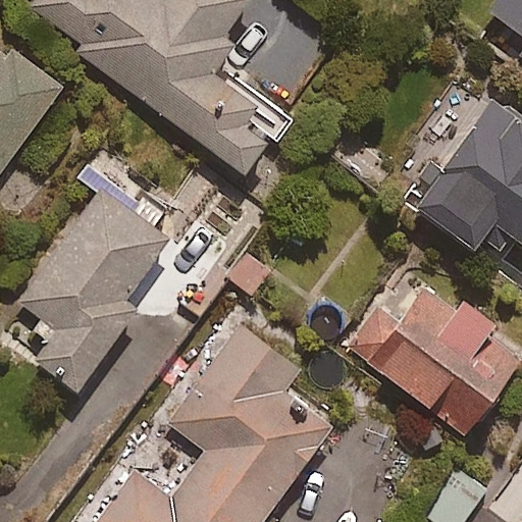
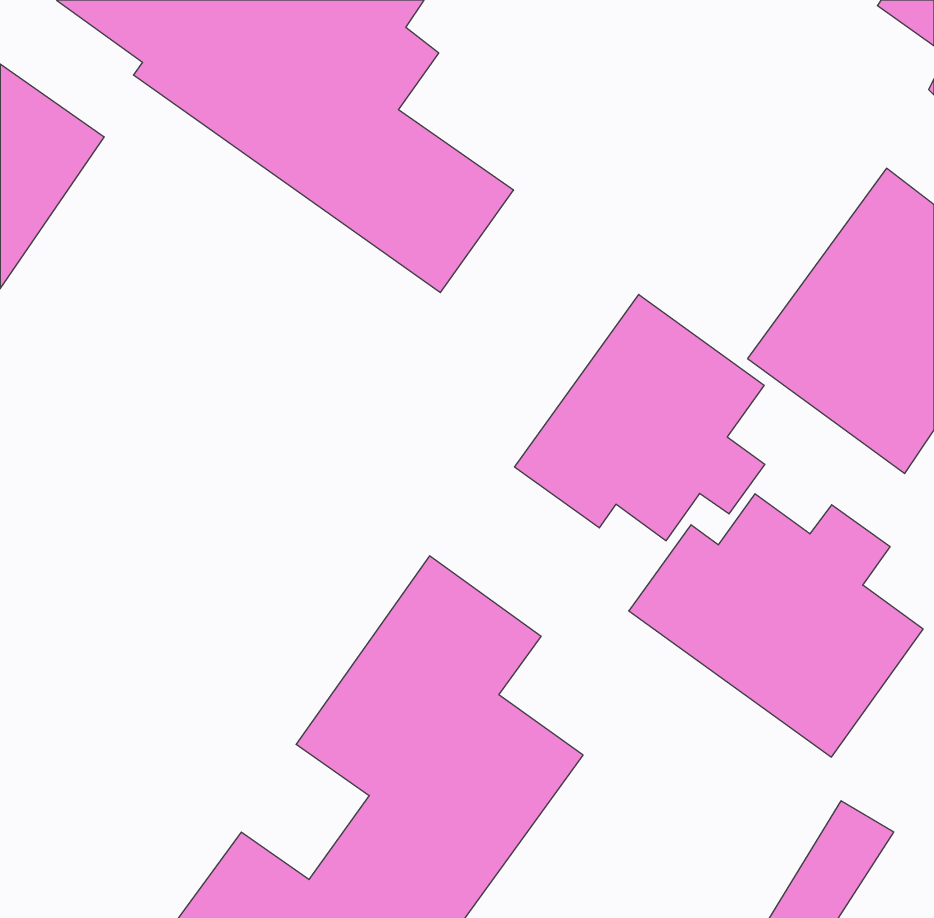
building: [18,172,172,390] -> none
building: none -> [515,294,765,541]

